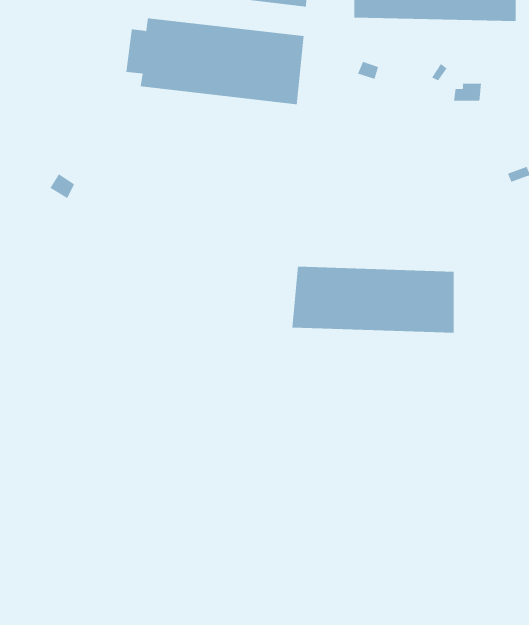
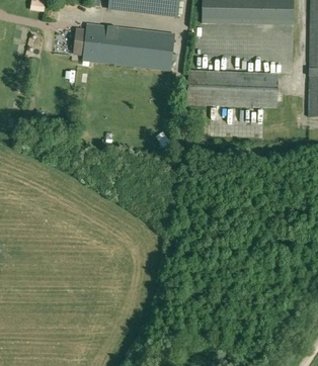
building: [292,266,455,333] -> [186,70,277,107]

